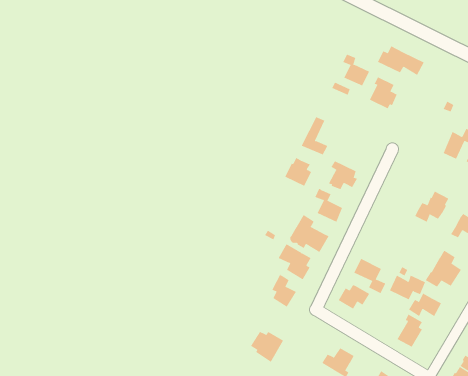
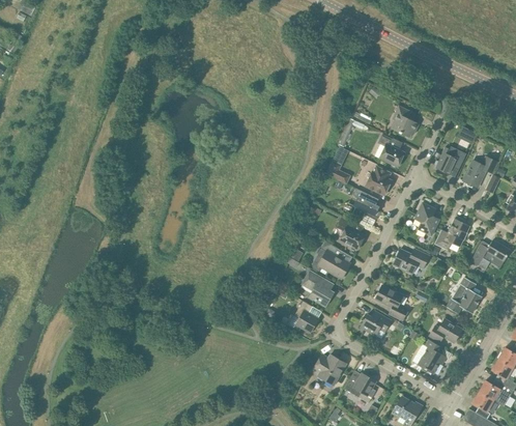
building: [377,46,424,76] -> none
building: [342,54,370,86] -> [378,135,405,167]
building: none -> [435,142,467,175]
building: [284,157,312,186] -> [365,166,392,195]
building: none -> [414,202,439,236]
building: [389,275,426,300] -> [393,249,429,274]
building: [250,331,284,363] -> [313,354,346,386]

